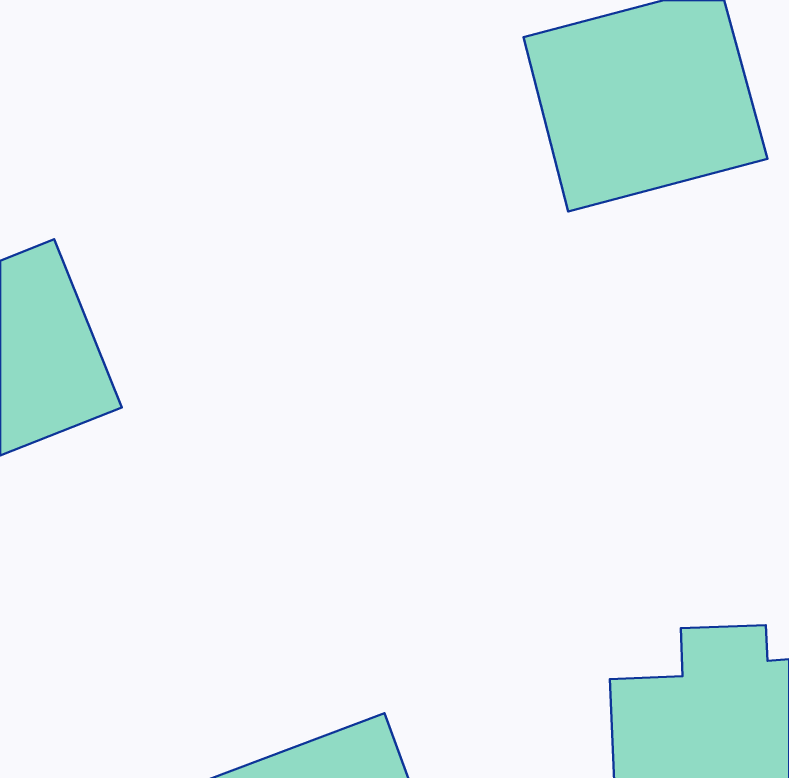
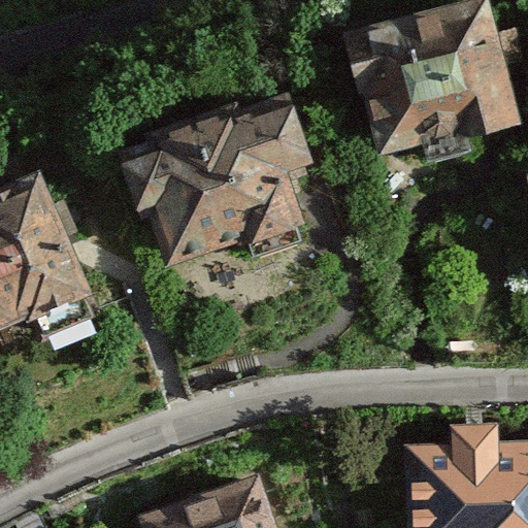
building: none -> [130,99,307,254]

